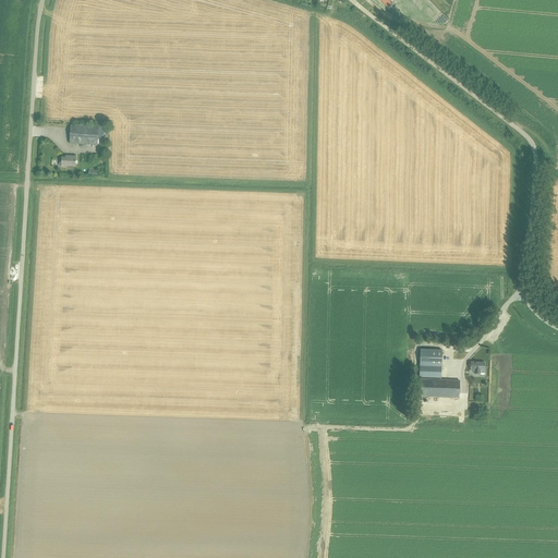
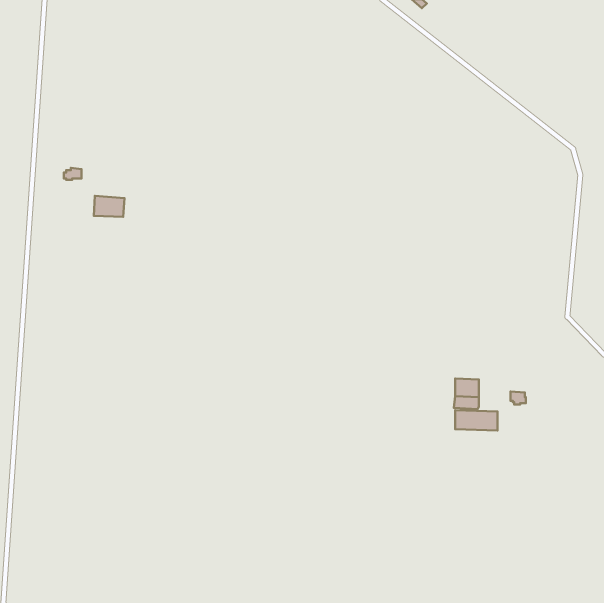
building: [70,124,98,144] -> [94,196,124,217]

